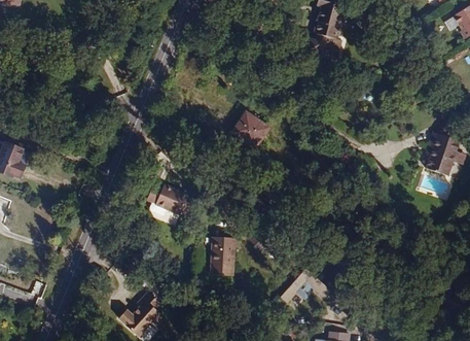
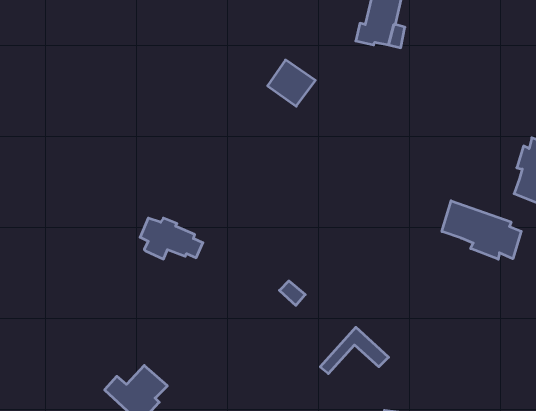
building: [230,114,266,149] -> [268,60,315,106]
building: none -> [442,201,521,259]
building: [208,237,232,275] -> none

